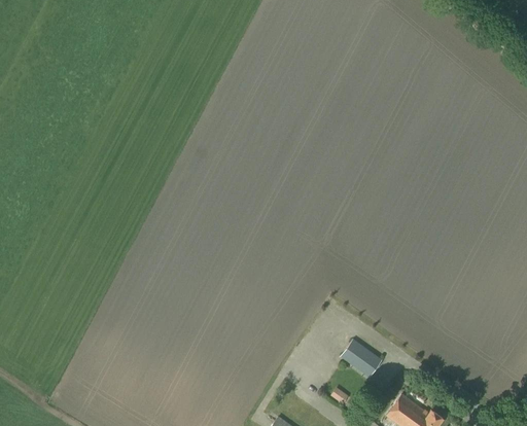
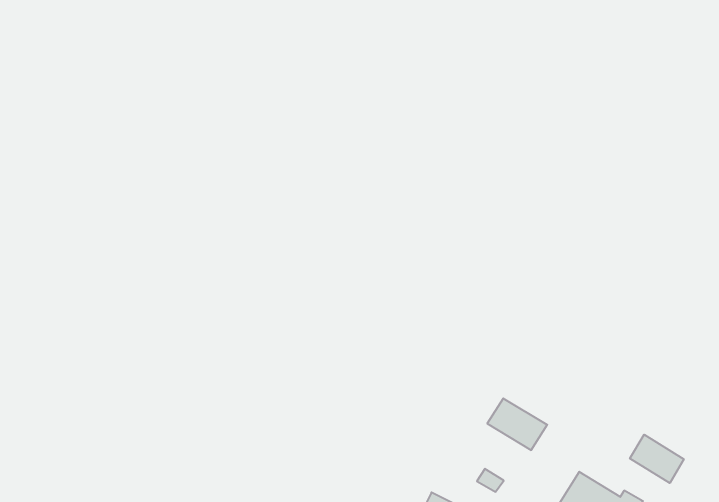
building: none -> [630,435,684,483]

